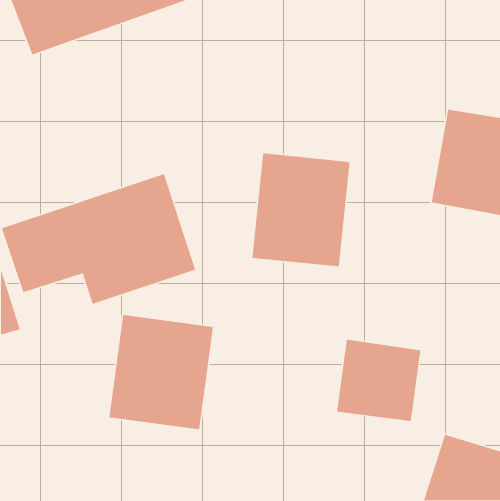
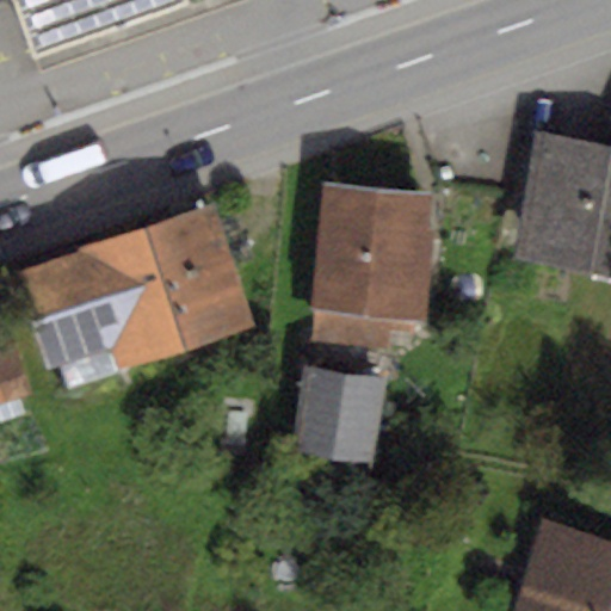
building: [108,314,214,430] -> none
building: [336,339,421,422] -> [290,365,393,465]

